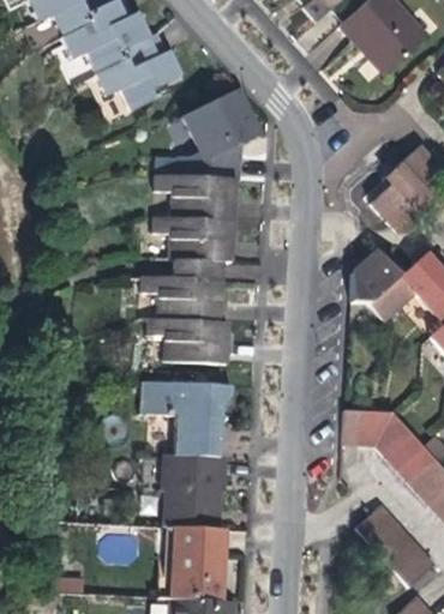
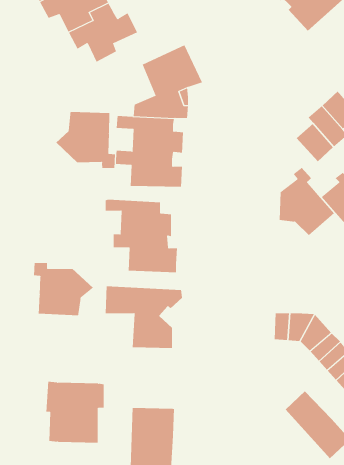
building: none -> [56,111,115,169]
building: none -> [33,262,94,316]
building: [160,452,230,526] -> [46,381,105,443]

